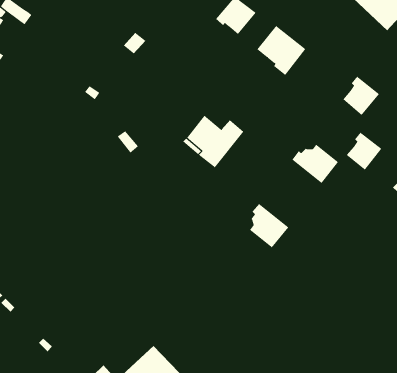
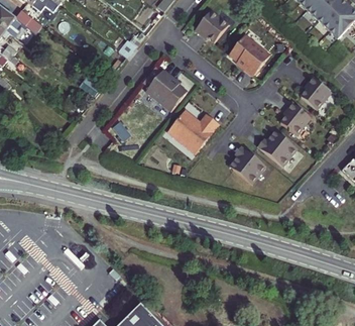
building: none -> [146,69,187,111]
building: [346,132,382,171] -> [280,103,311,135]
building: [249,203,289,248] -> [233,146,266,184]

